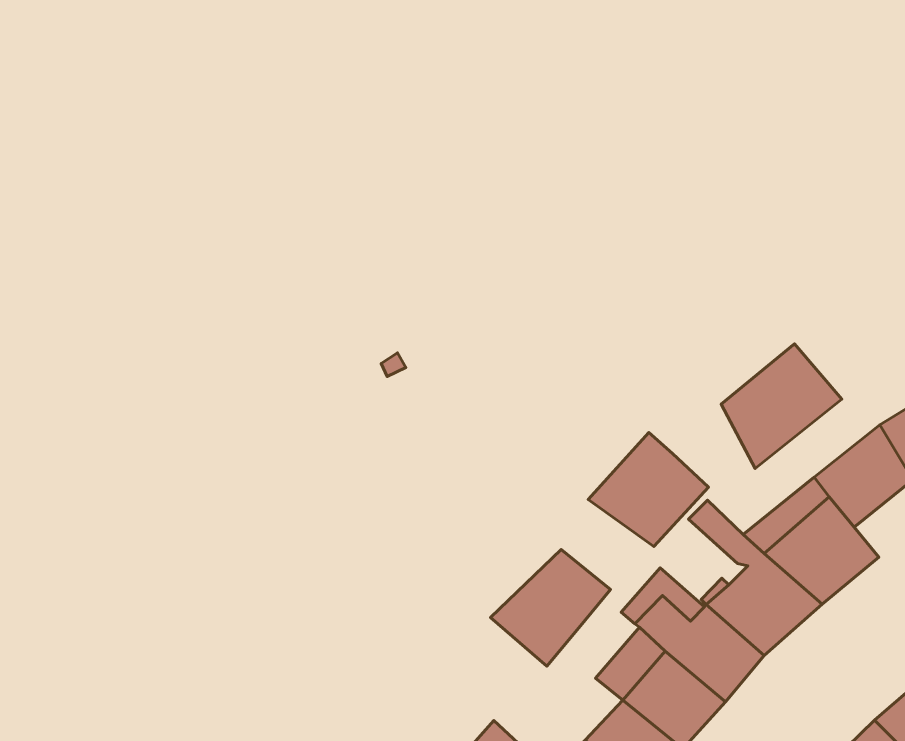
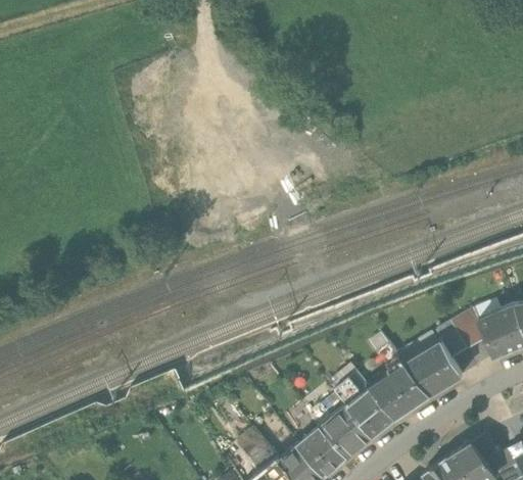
building: [721,344,842,469] -> none
building: [588,433,709,547] -> none
building: [490,549,611,666] -> none

